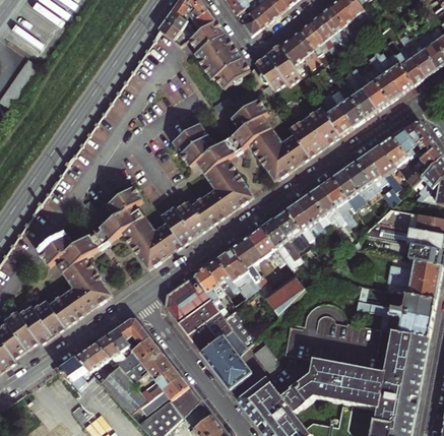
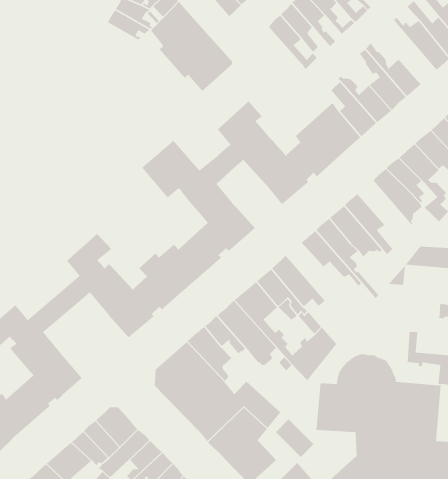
building: [255,45,301,90] -> none
building: [372,53,401,101] -> none
building: [332,169,366,207] -> none
building: [273,209,309,257] -> none

